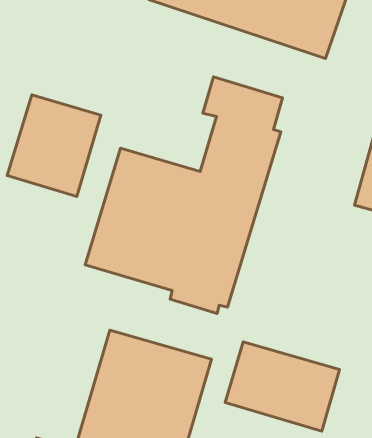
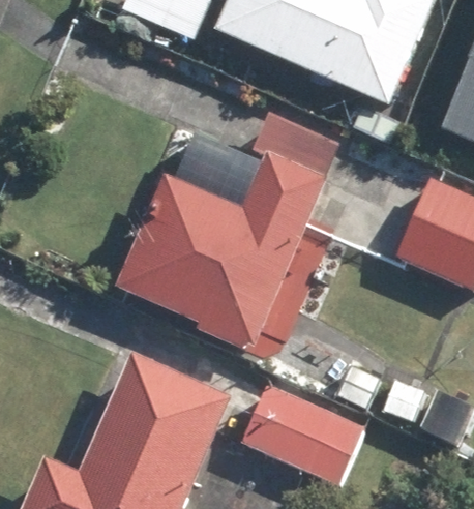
building: [7,95,101,197] -> none

